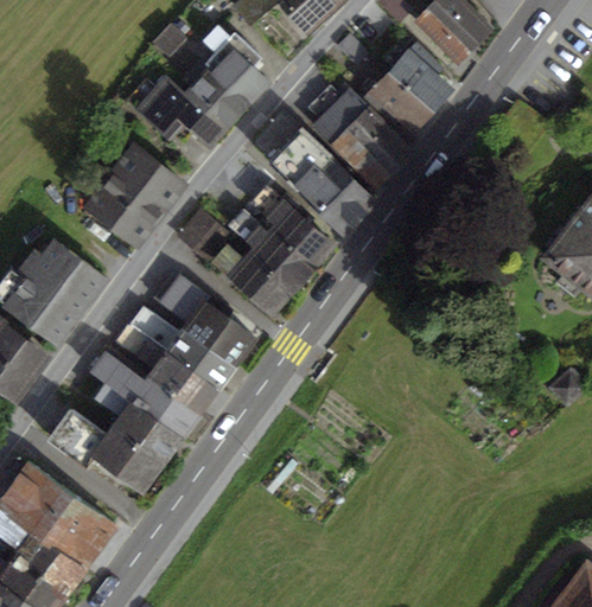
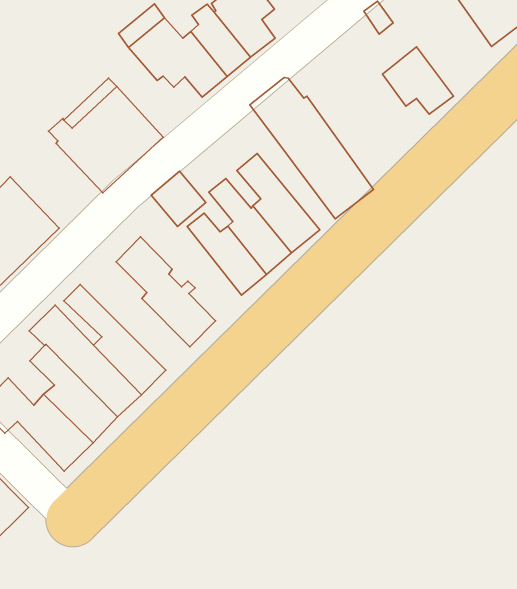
building: [392,45,448,109] -> none
building: [313,85,406,183] -> none
building: [131,307,235,388] -> none

